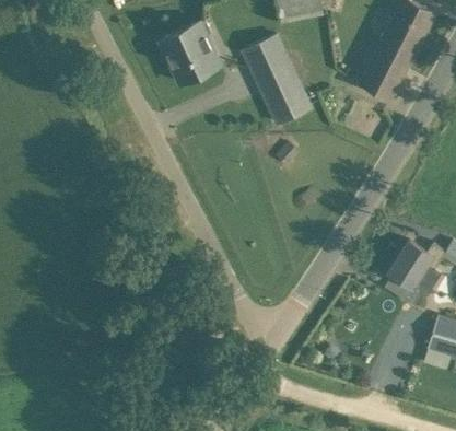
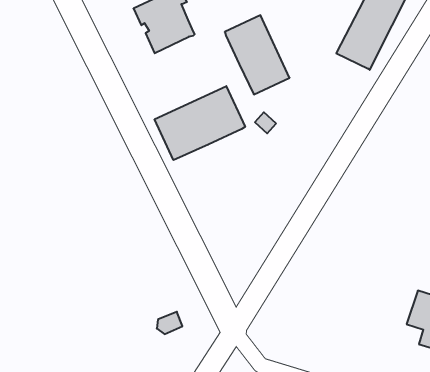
building: none -> [155,86,245,160]
building: [384,238,445,303] -> none

